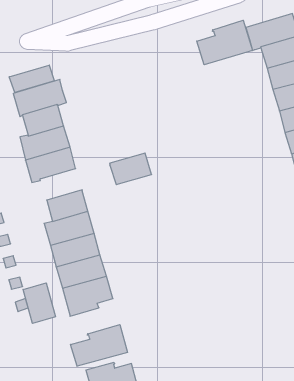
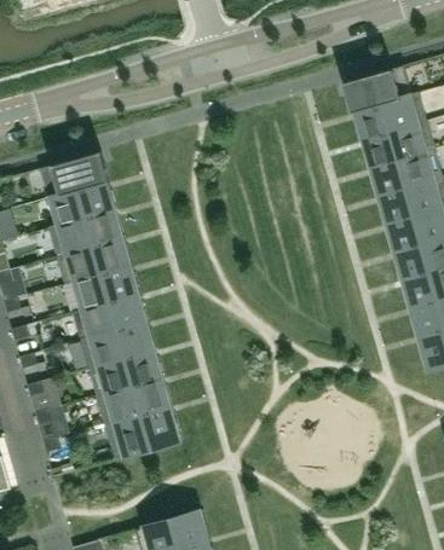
building: [197,20,252,65] -> none
building: [9,65,55,93] -> none
building: [110,153,152,185] -> [75,267,129,308]
building: [23,283,55,323] -> none
building: [71,325,127,366] -> none

